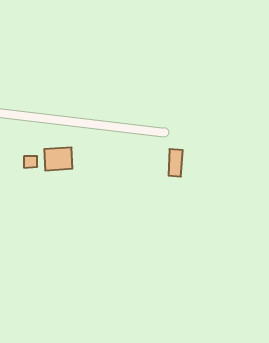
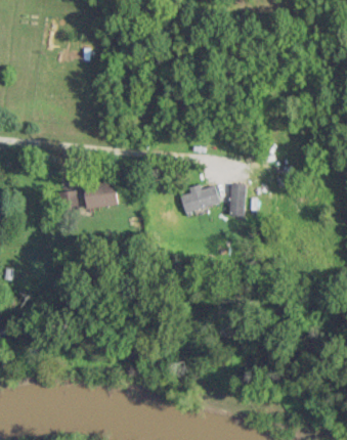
building: none -> [180,184,219,212]

